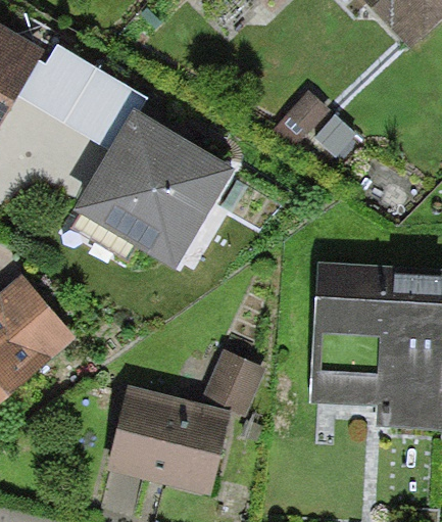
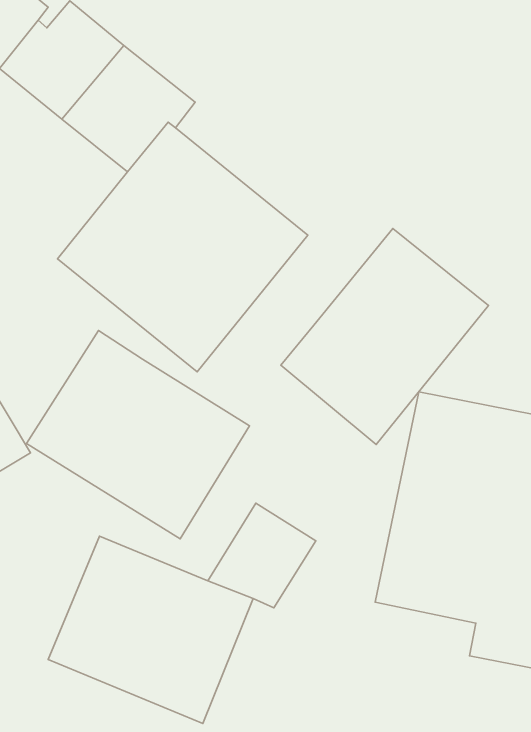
building: none -> [281,228,489,444]
building: none -> [27,331,250,539]

